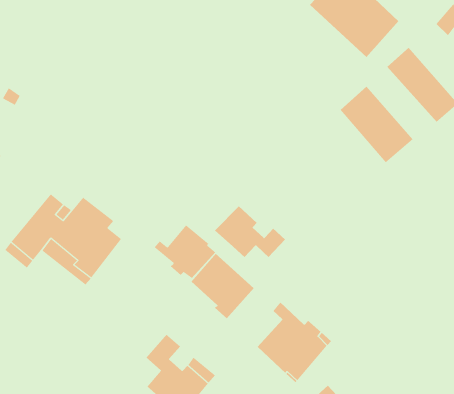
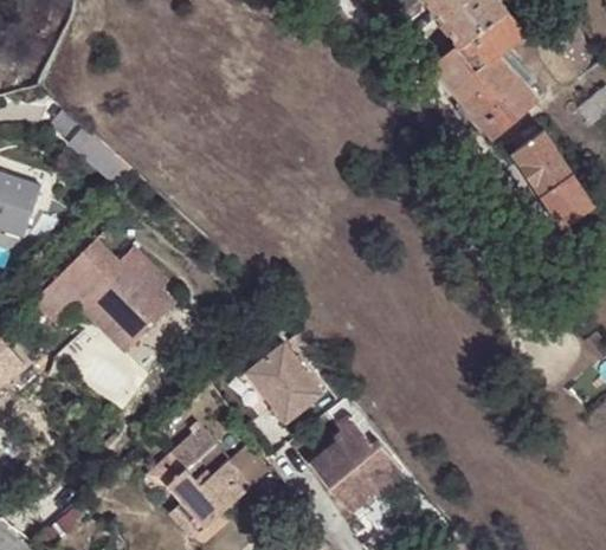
building: [340,86,414,163] -> none
building: [214,206,286,258] -> none
building: [154,225,216,279] -> none

